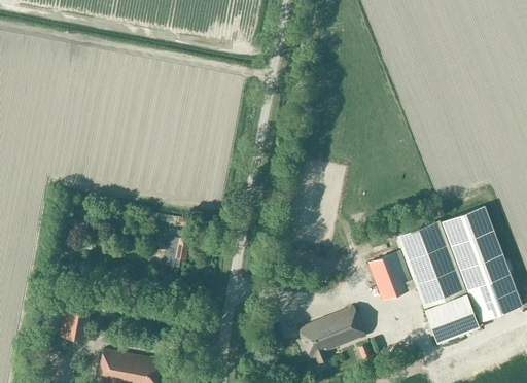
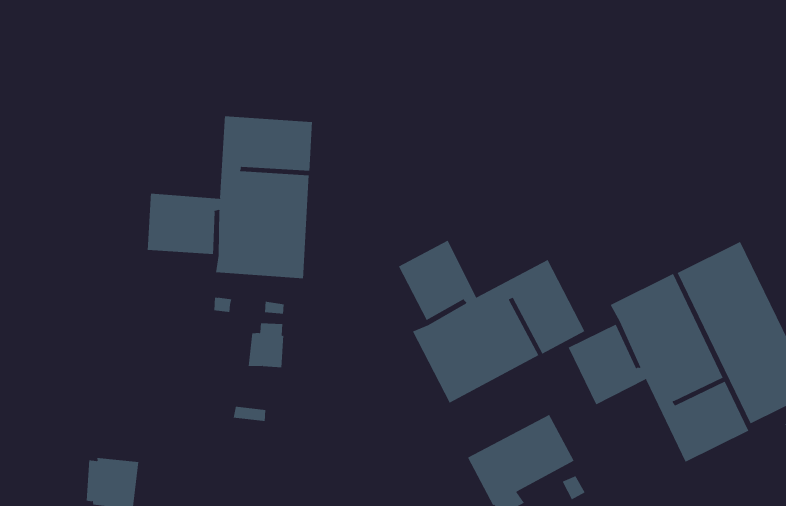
building: none -> [147,116,313,279]
building: none -> [398,240,585,404]

